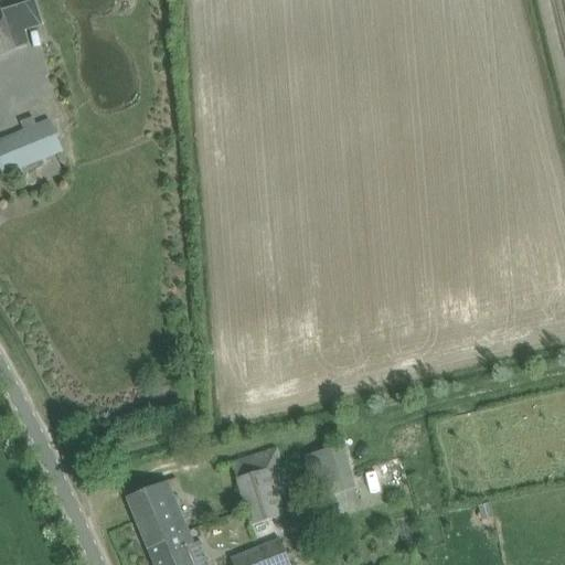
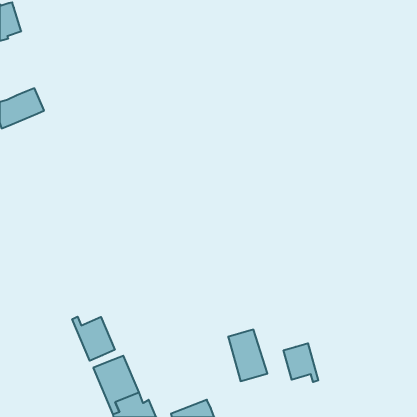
building: none -> [72,317,115,361]
building: [231,448,296,522] -> none
building: none -> [284,343,318,382]

